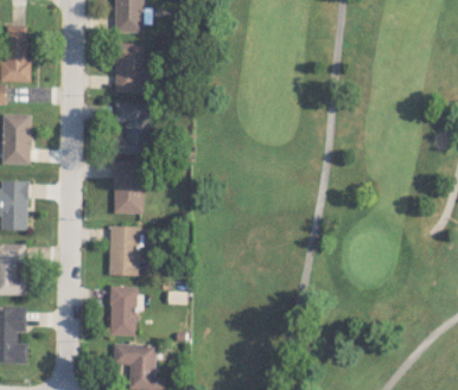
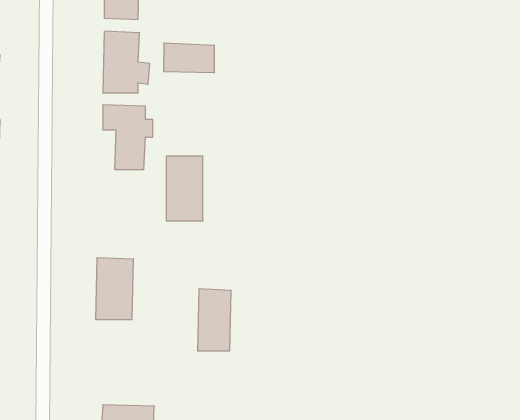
building: none -> [164,43,214,73]
building: [113,161,142,213] -> [166,156,203,221]
building: [109,286,136,335] -> [197,289,231,351]

